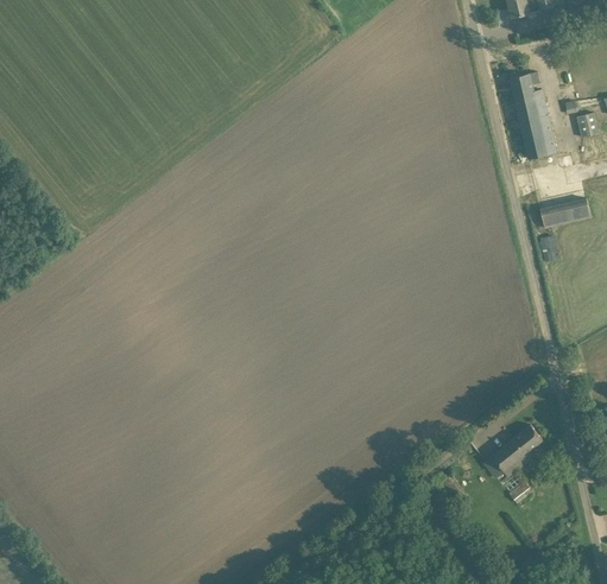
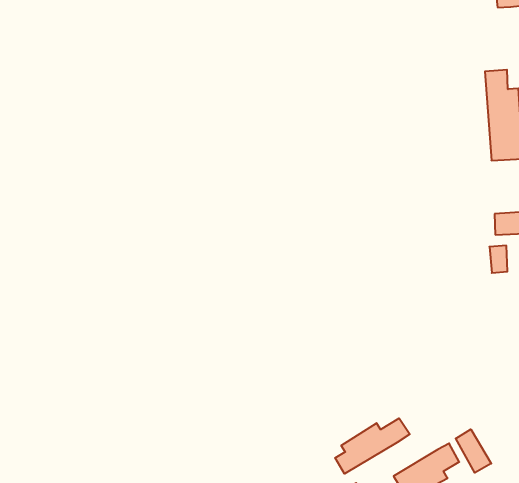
building: none -> [456,429,491,473]
building: none -> [335,418,410,474]

